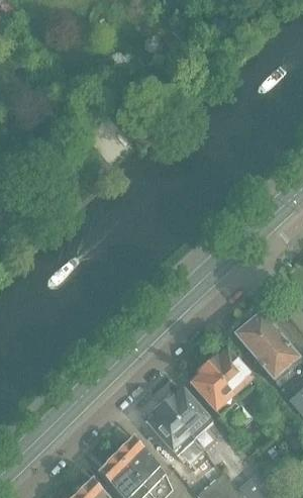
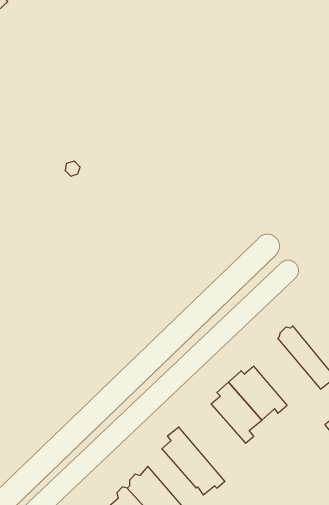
building: [235,323,285,379] -> none
building: [161,387,220,449] -> none

